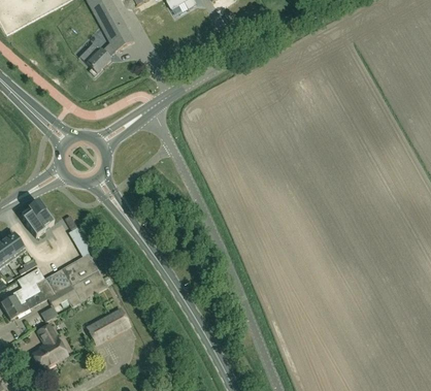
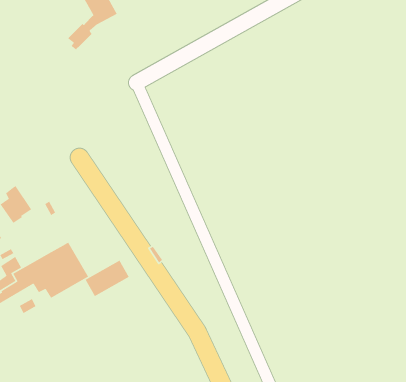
building: [87,308,129,344] -> [85,260,130,297]
building: [32,324,65,369] -> none

